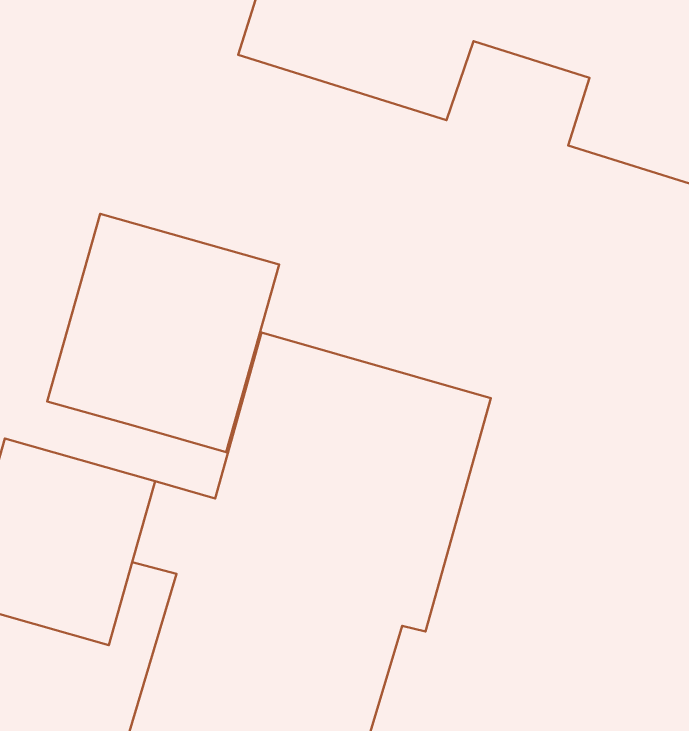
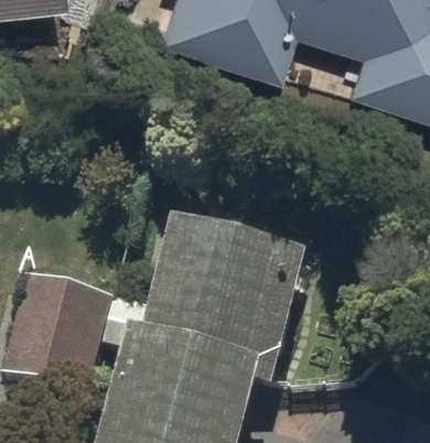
building: [47,214,279,452] -> none

